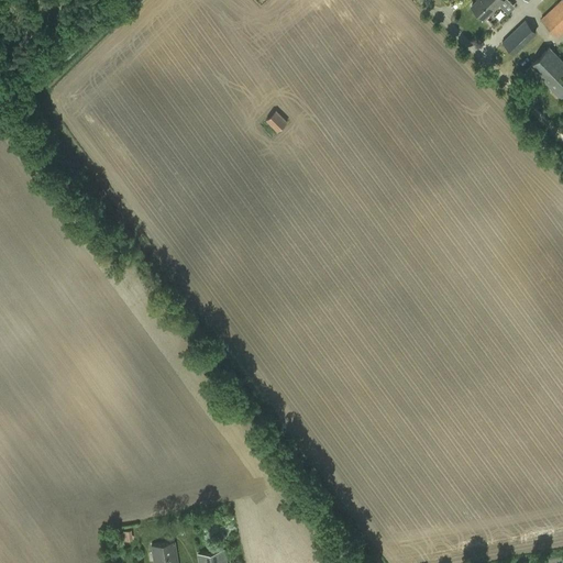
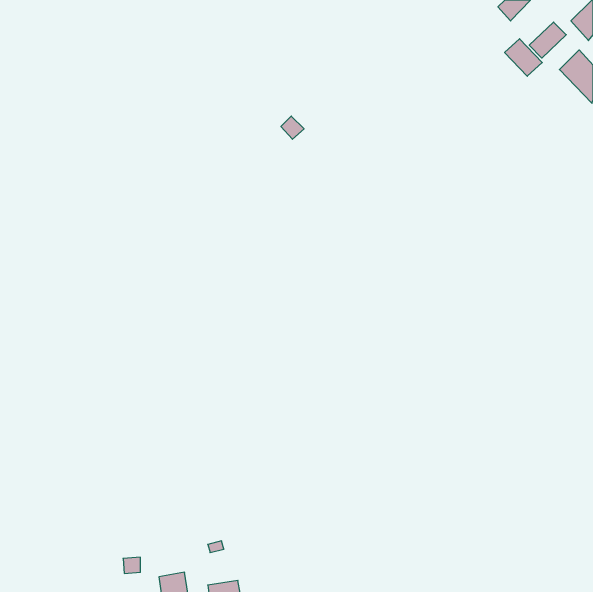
building: none -> [505,39,542,76]

